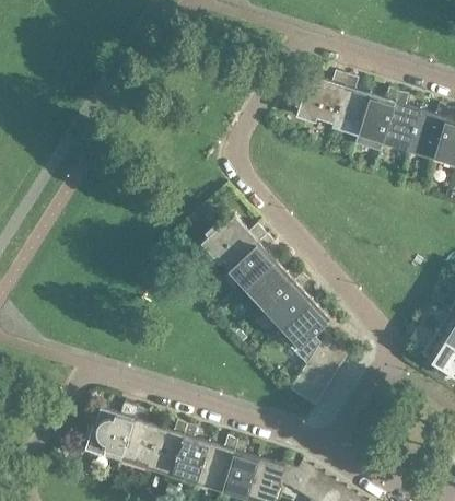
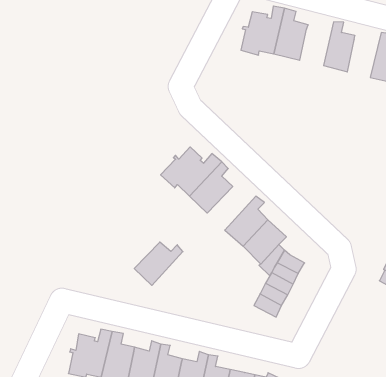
building: [357,90,396,140] -> none
building: [407,105,446,156] -> none
building: [245,263,299,308] -> [134,242,183,285]

